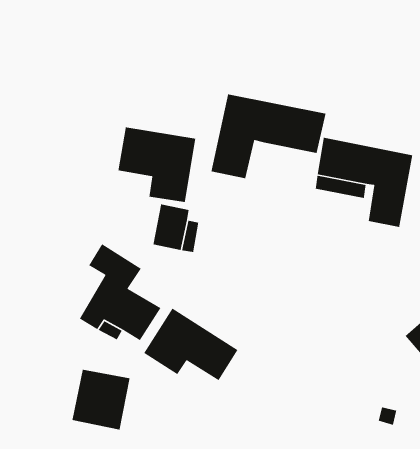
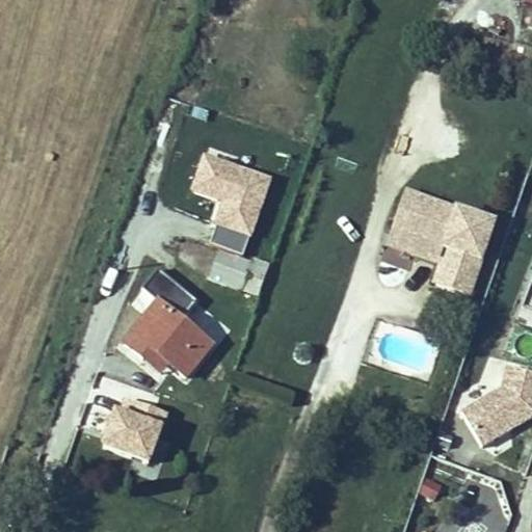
building: [210,93,327,179] -> none
building: [143,308,239,381] -> none

